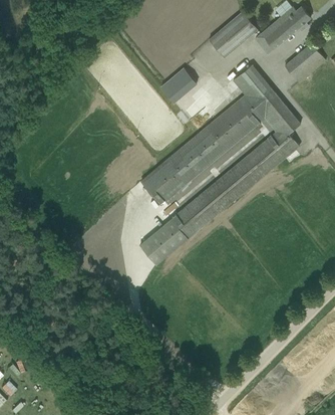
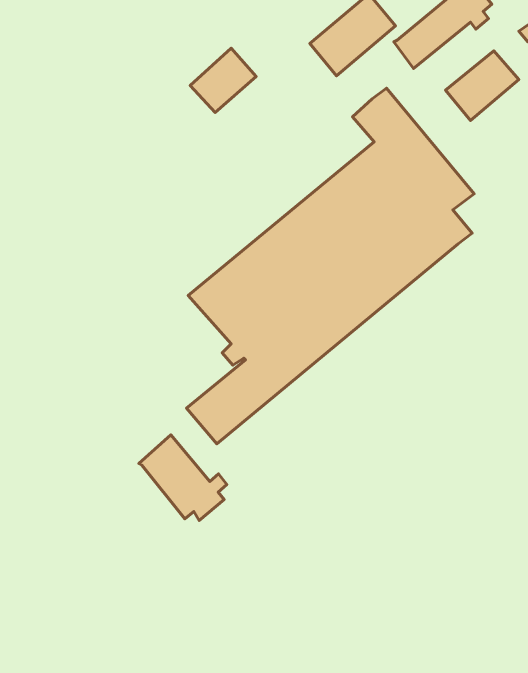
building: [160,66,198,102] -> [190,48,256,112]
building: none -> [139,435,227,520]

